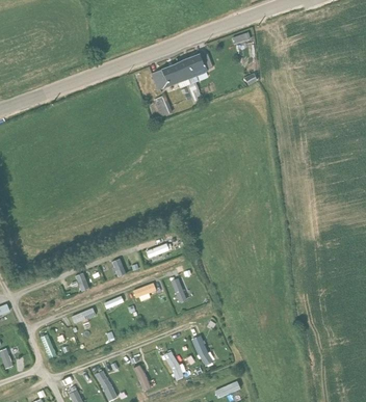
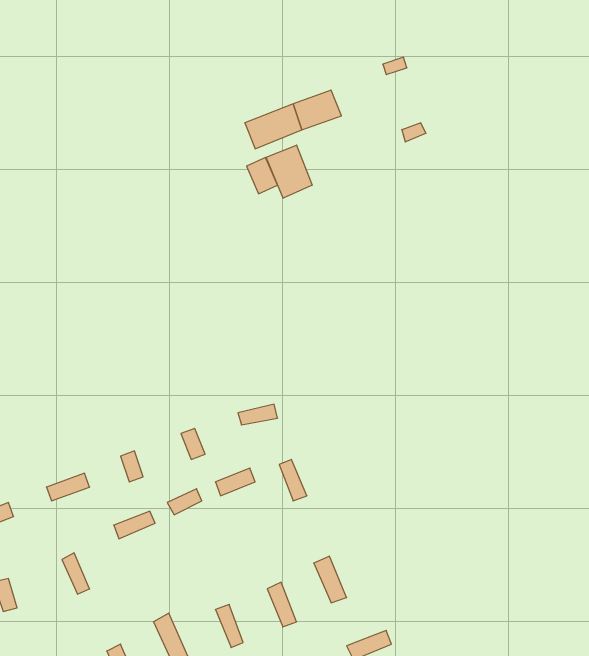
building: none -> [266,145,312,198]

